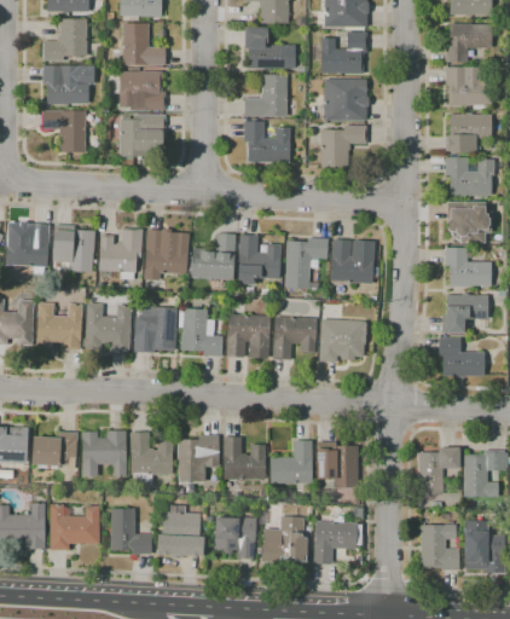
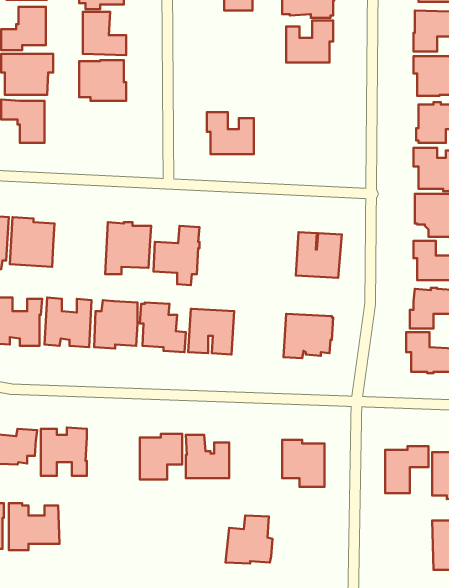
building: [244,27,296,69] -> none
building: [244,74,288,116] -> none
building: [325,77,370,120] -> none
building: [120,114,166,164] -> none
building: [321,125,367,167] -> none
building: [99,227,144,279] -> none
building: [237,233,282,284] -> none
building: [285,237,331,288] -> none
building: [273,316,317,359] -> none
building: [131,432,173,485] -> none
building: [271,439,313,482] -> none
building: [111,508,152,554] -> none
building: [157,511,204,557] -> none
building: [214,516,257,559] -> none
building: [314,520,363,563] -> none
building: [422,523,460,567] -> none

